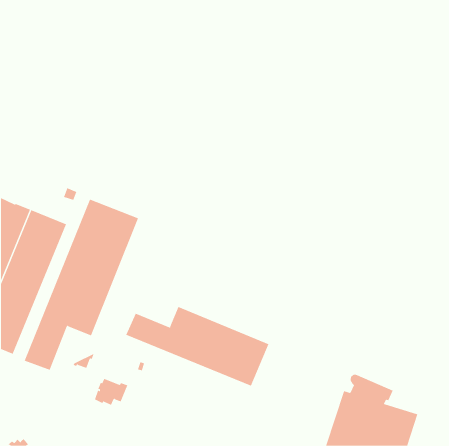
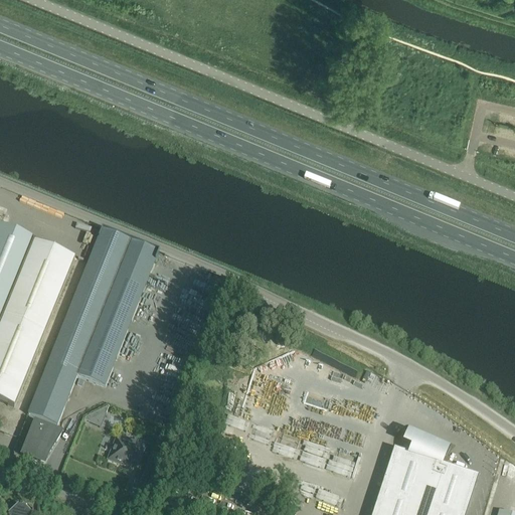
building: [126,306,269,387] -> none
building: none -> [23,421,60,460]

